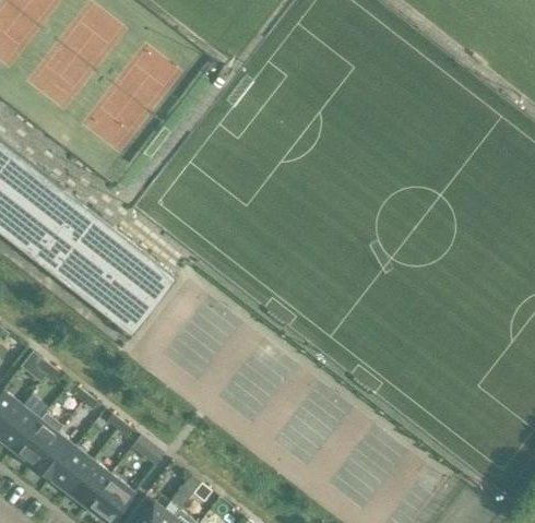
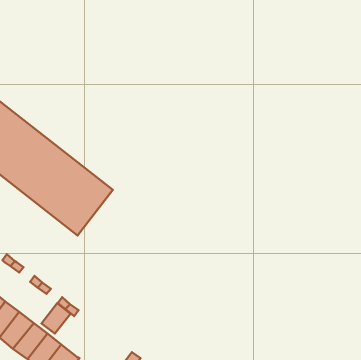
building: none -> [42,303,71,333]

